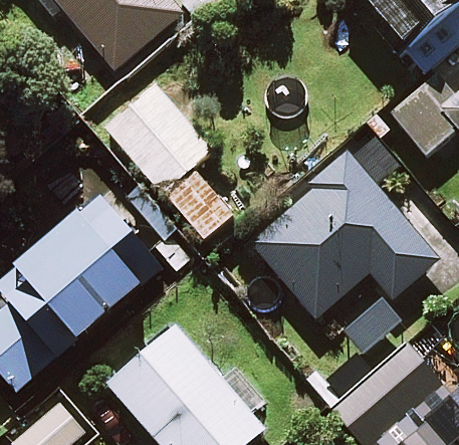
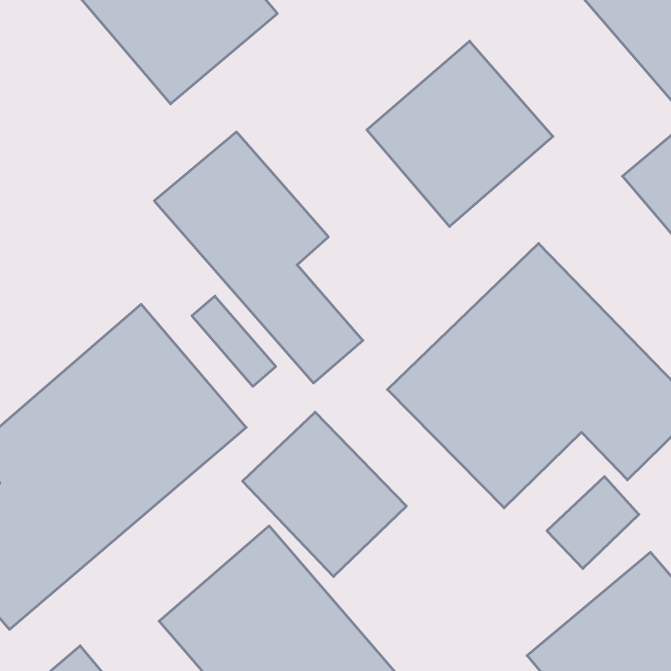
building: none -> [367,41,553,227]
building: none -> [243,412,406,577]

